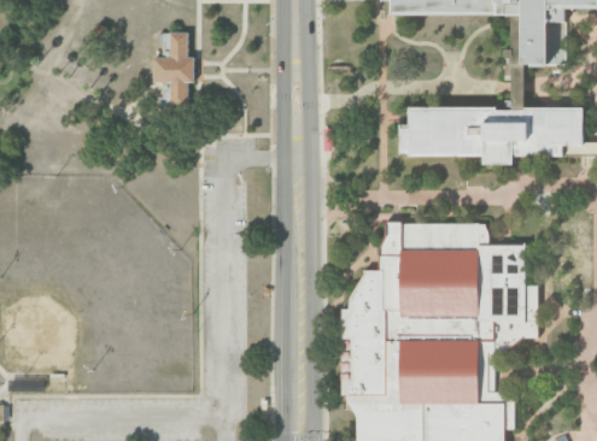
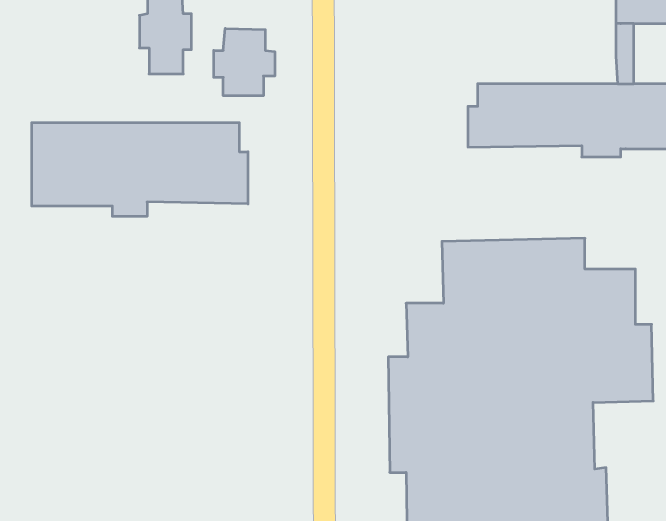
building: none -> [214,28,275,96]
building: none -> [32,123,248,216]

